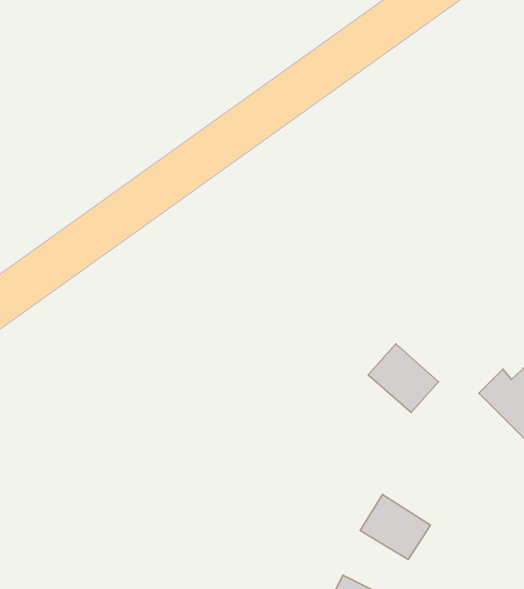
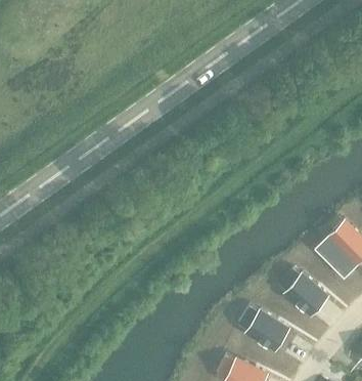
building: [368,344,439,413] -> [284,273,326,314]

